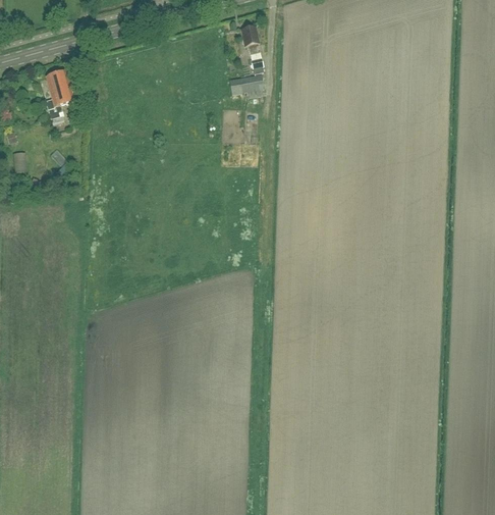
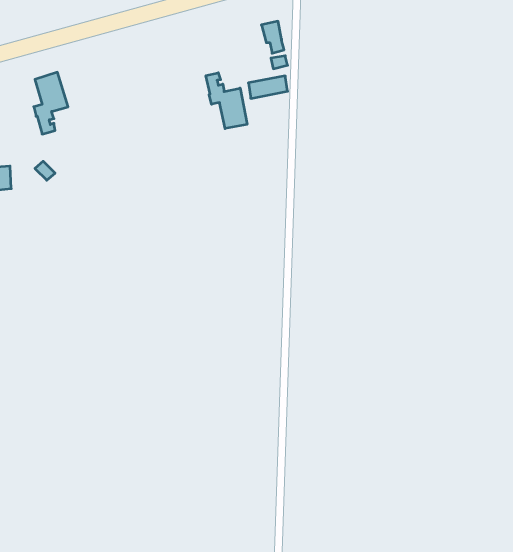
building: none -> [206,73,247,129]

